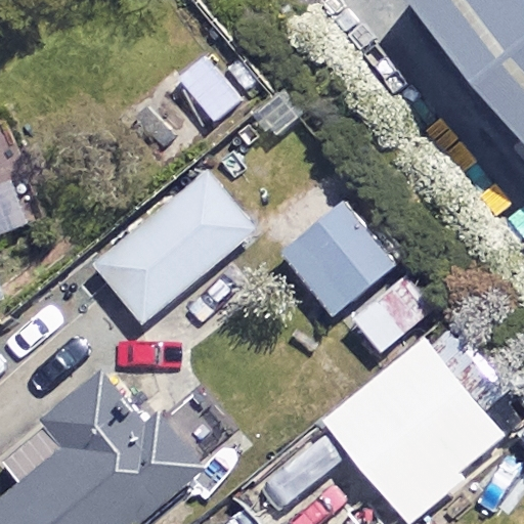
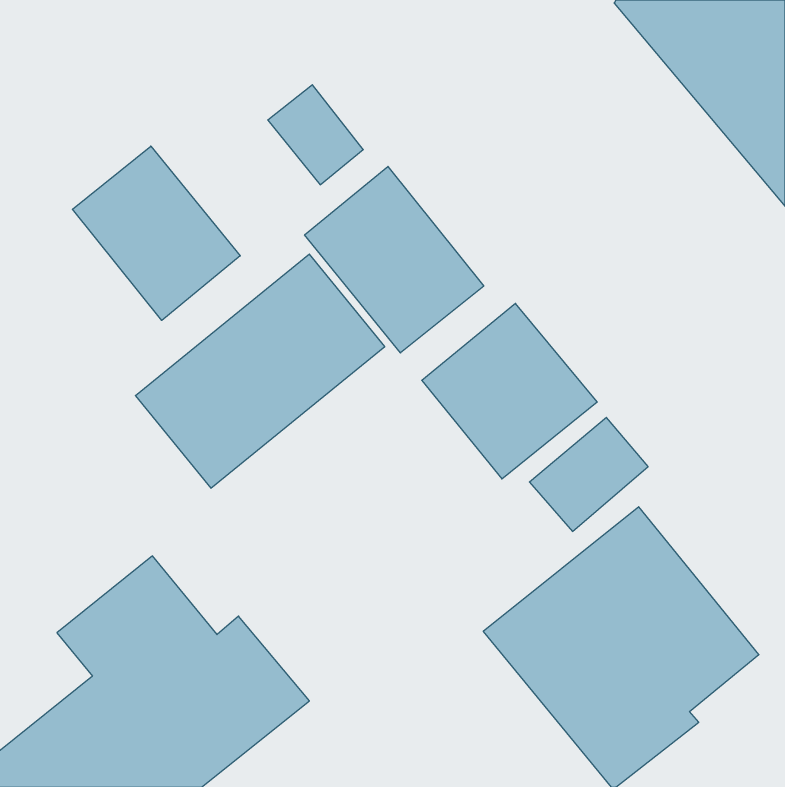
building: none -> [72,146,240,320]
building: none -> [305,166,484,353]

